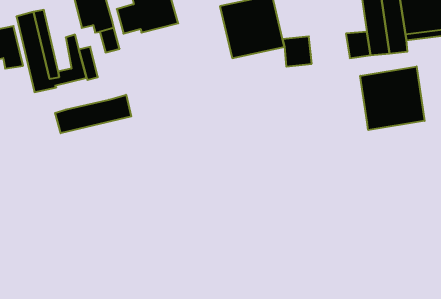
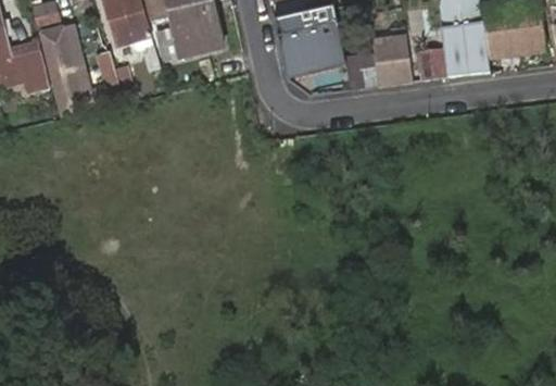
building: none -> [374,34,410,85]
building: [360,66,425,130] -> none
building: [55,95,131,133] -> none

